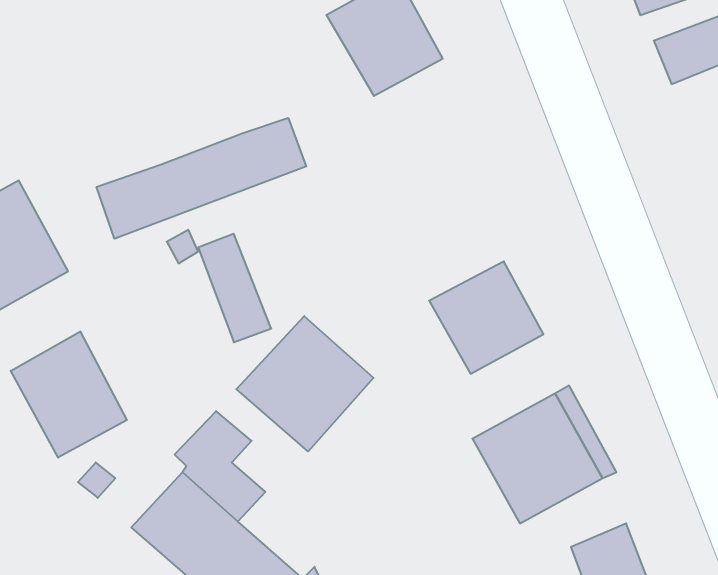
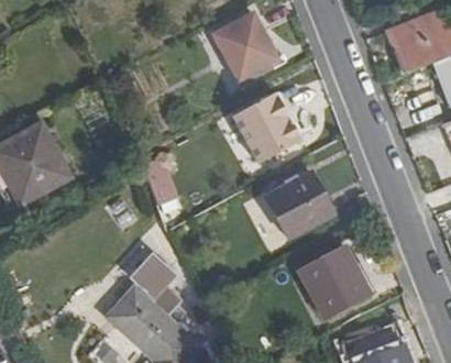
building: [97,118,306,239] -> none
building: none -> [233,95,299,164]
building: [236,316,374,451] -> none
building: [11,331,127,458] -> none

